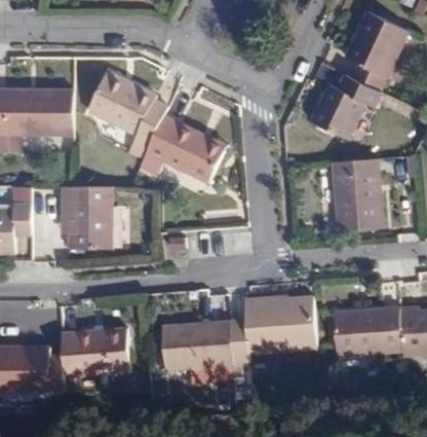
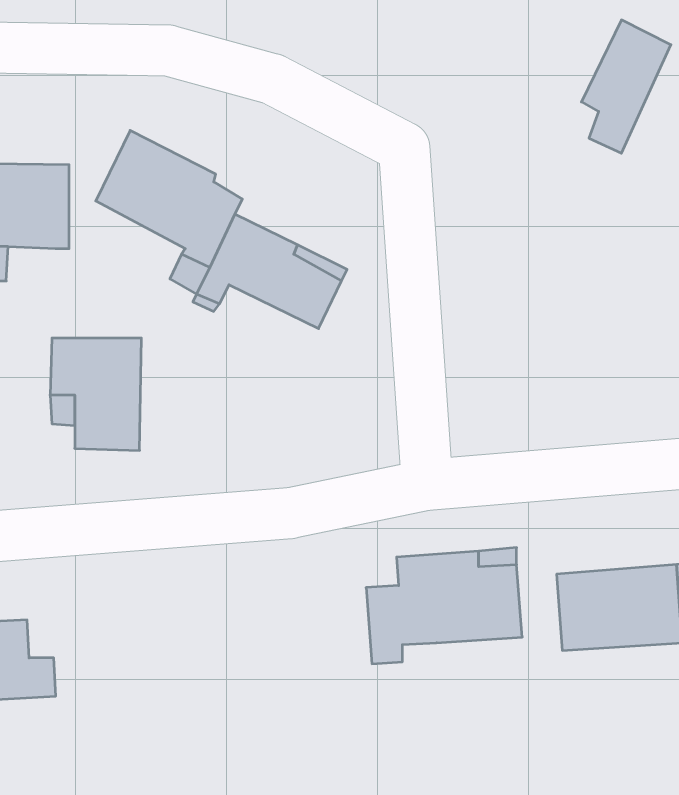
building: [307,73,371,147] -> none
building: [335,157,383,229] -> none
building: [163,320,235,368] -> none
building: [62,331,130,391] -> none

